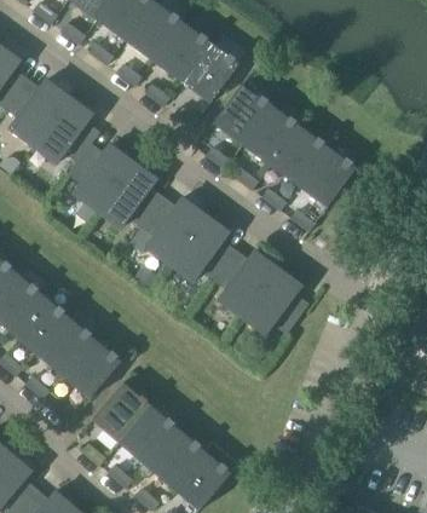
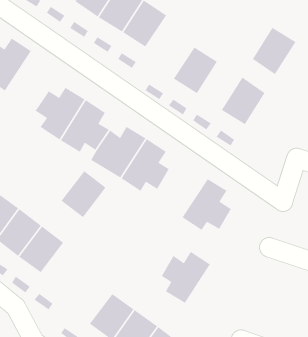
building: [214,83,271,144] -> none
building: [33,98,96,163] -> none
building: [271,126,328,186] -> [252,27,296,75]
building: [214,252,277,317] -> [161,251,211,304]
building: [63,339,121,398] -> [61,170,107,218]
building: [92,382,150,442] -> none

